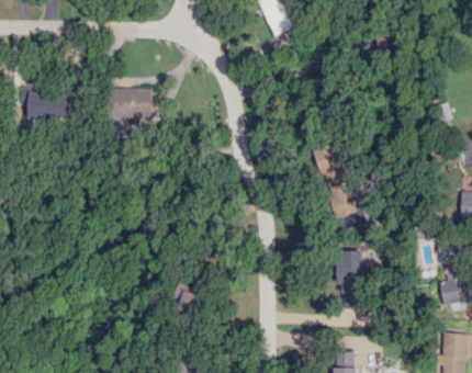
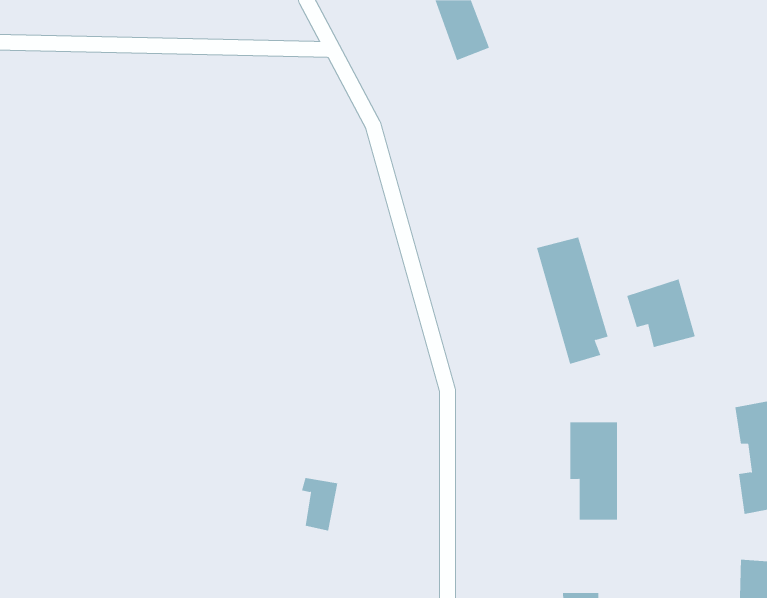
building: [109,89,151,120] -> none
building: [25,94,75,128] -> none
building: none -> [626,279,695,348]

